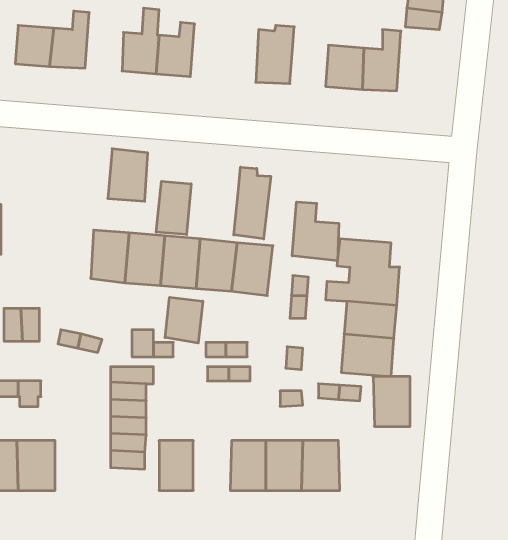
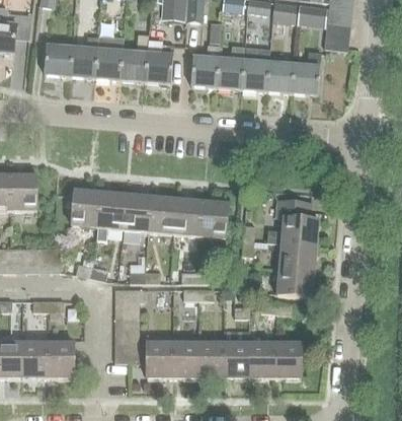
building: none -> [95,34,124,78]
building: none -> [191,44,220,86]
building: none -> [241,47,269,89]
building: [108,149,148,201] -> [73,189,101,226]
building: [234,167,271,239] -> none
building: [156,181,191,235] -> none
building: [292,202,339,261] -> none
building: [165,297,203,343] -> none
building: [373,377,410,426] -> [275,342,302,377]
building: none -> [172,342,199,377]

